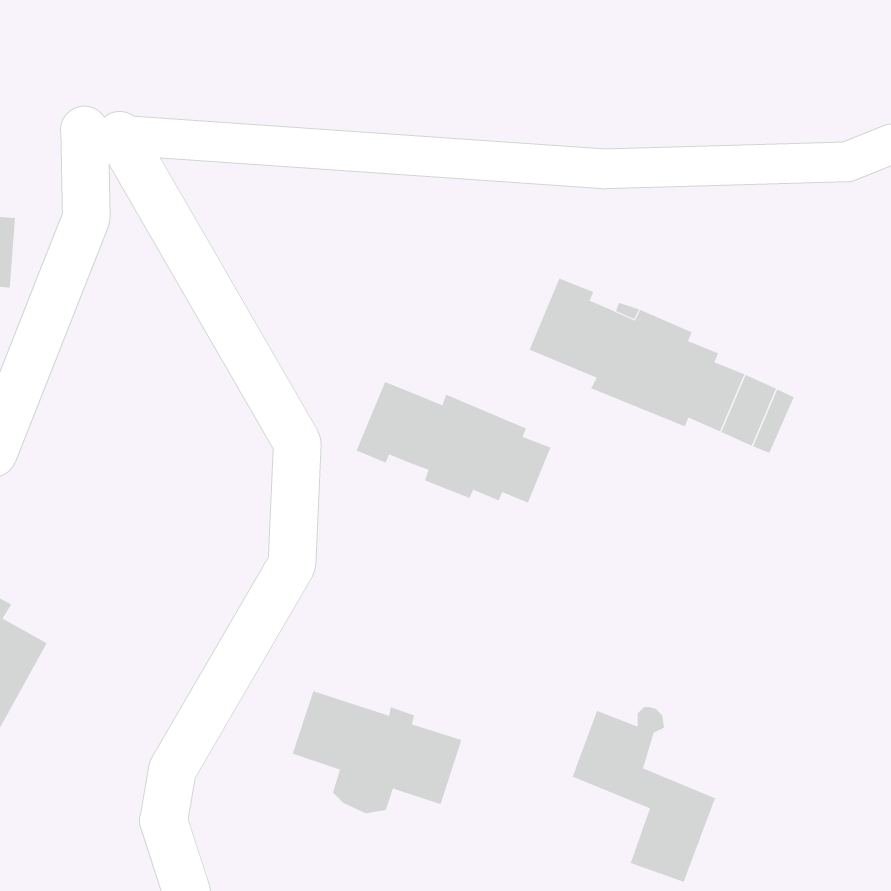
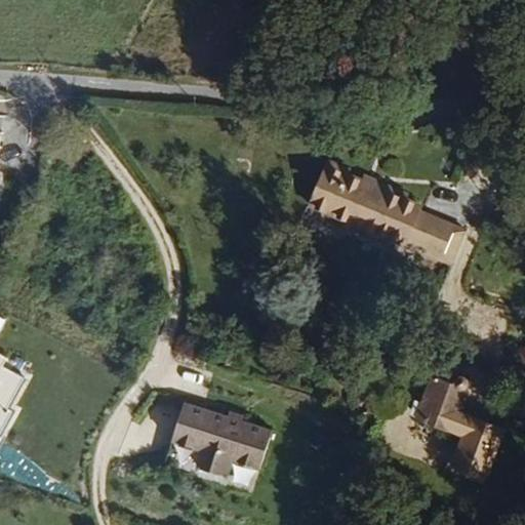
building: [356,381,551,503] -> none
building: [572,707,716,882] -> [416,376,500,479]

